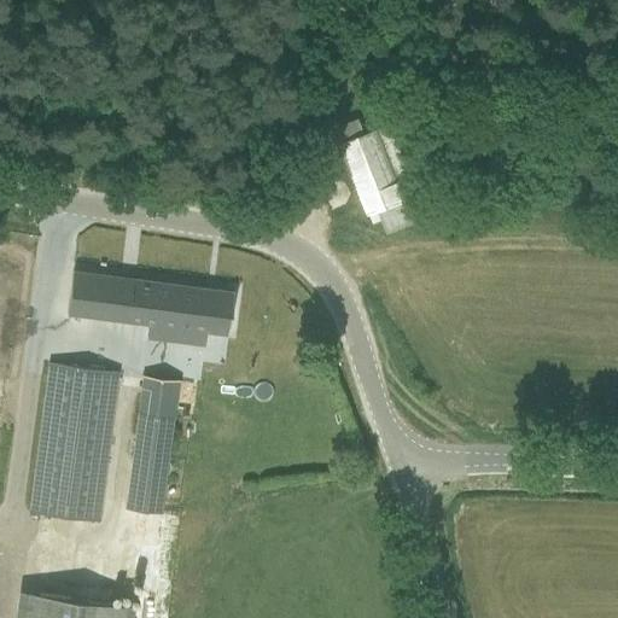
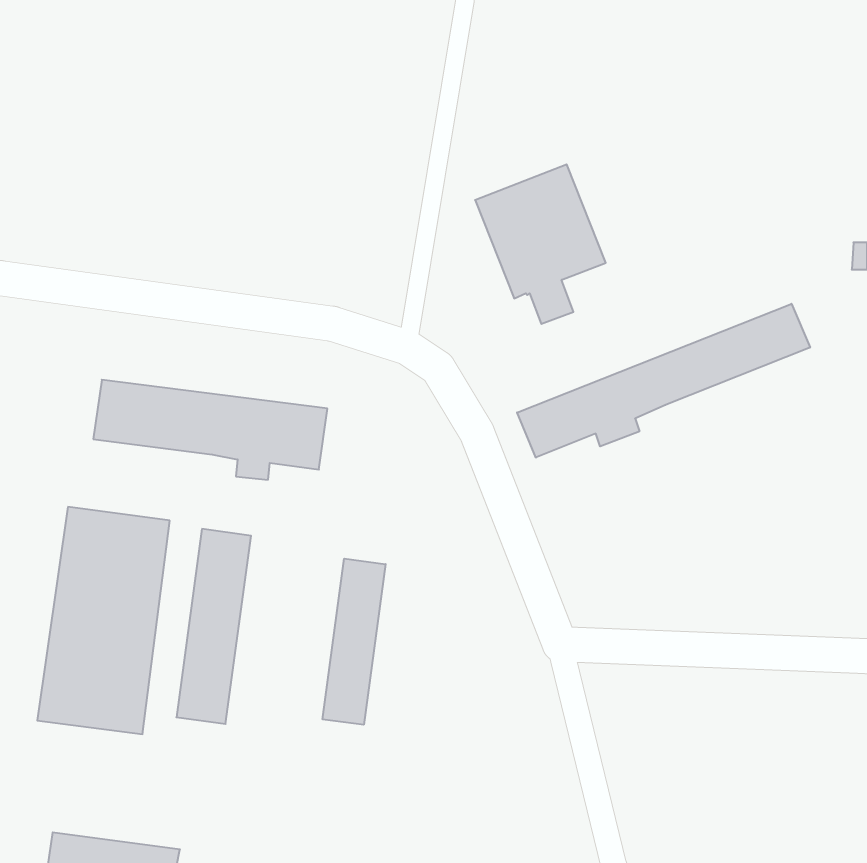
building: none -> [517,304,810,458]
building: none -> [323,559,386,725]

